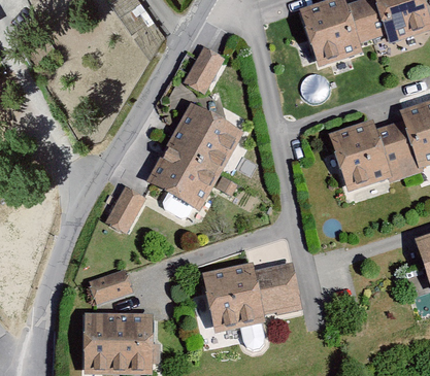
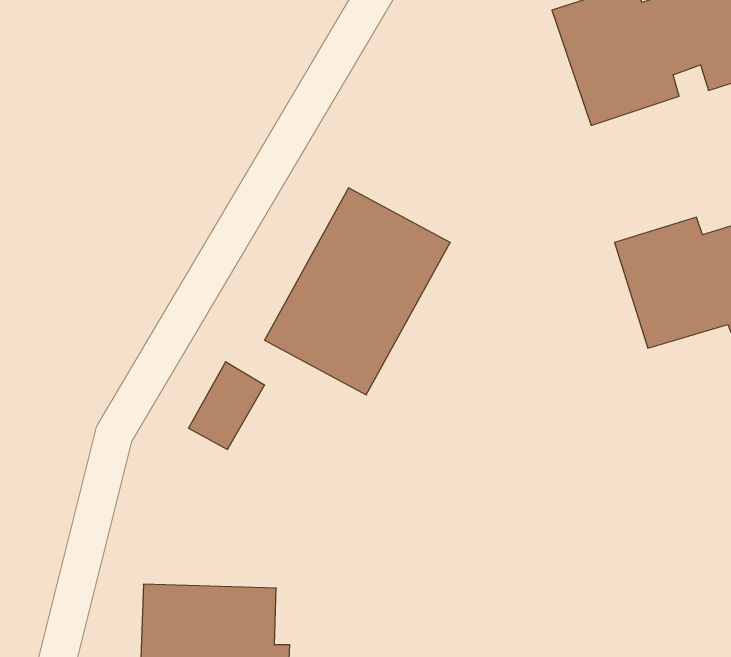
building: [183,52,225,100] -> none
building: [201,261,299,332] -> none
building: [88,268,131,303] -> none

